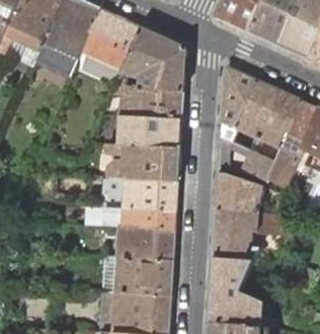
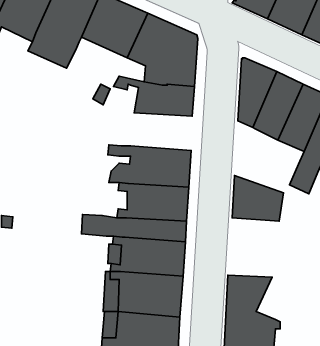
building: [117,115,180,149] -> none
building: [219,137,274,182] -> none
building: [212,208,281,261] -> none

